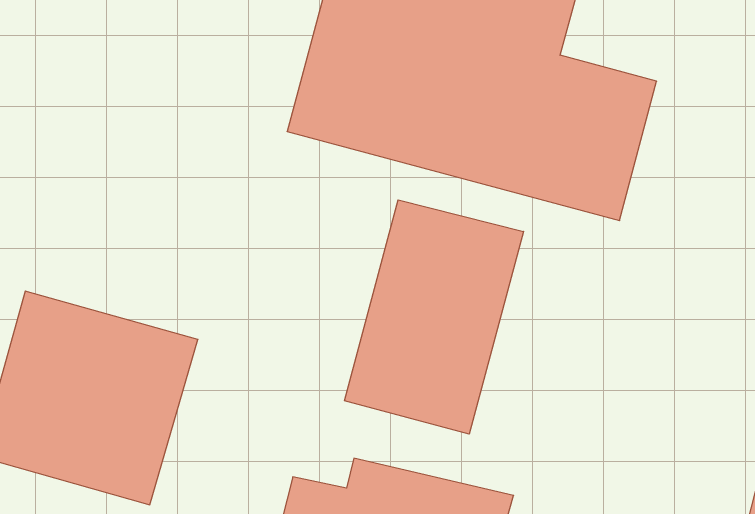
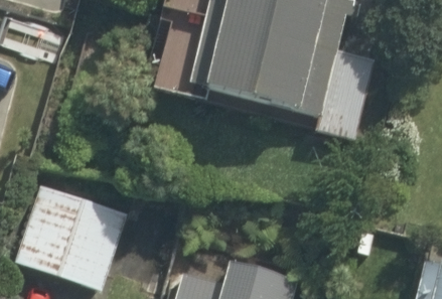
building: [345,200,524,434] -> none

